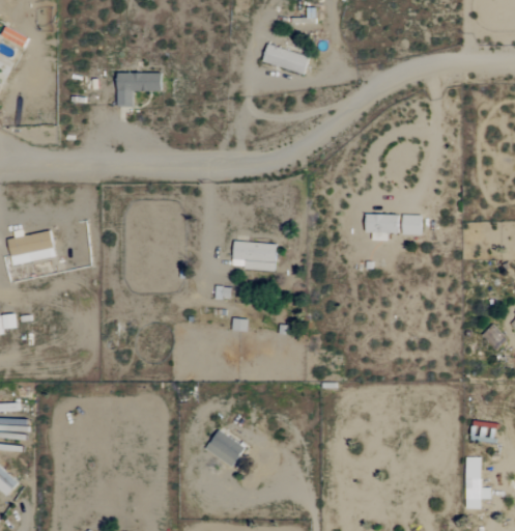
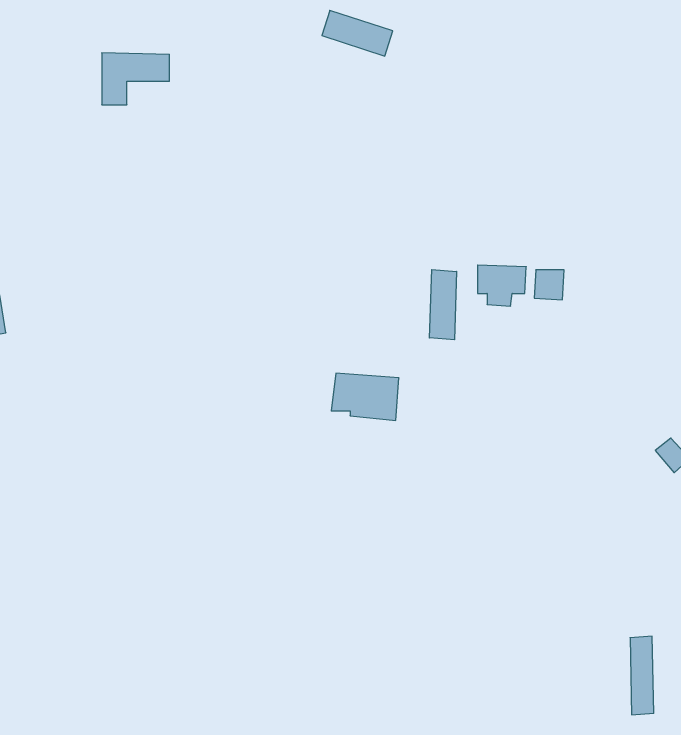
building: none -> [429,270,457,340]
building: [231,239,276,270] -> [331,373,399,420]
building: [205,429,245,467] -> none

